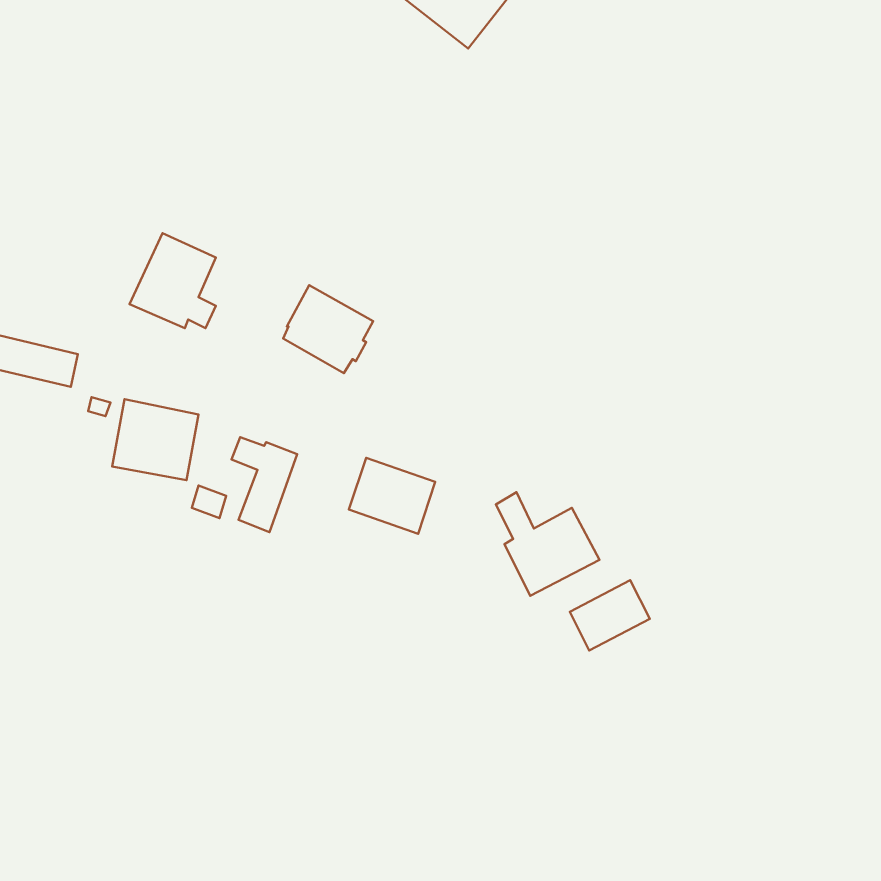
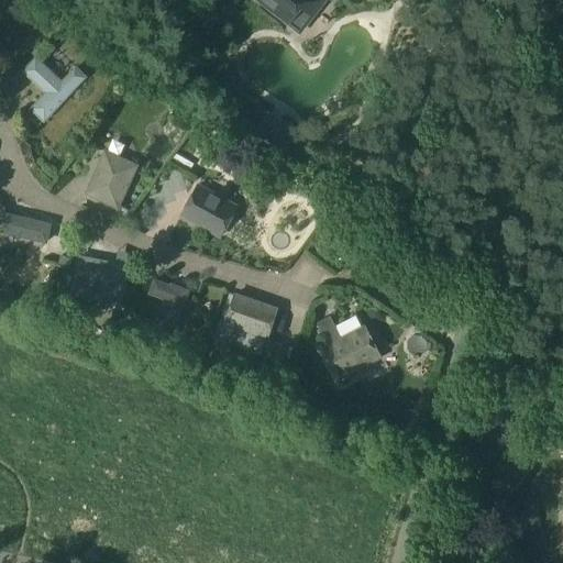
building: none -> [20,58,84,124]
building: [570,580,650,651] -> none

